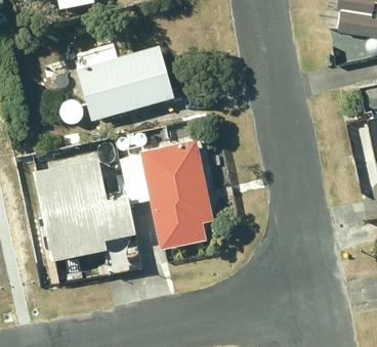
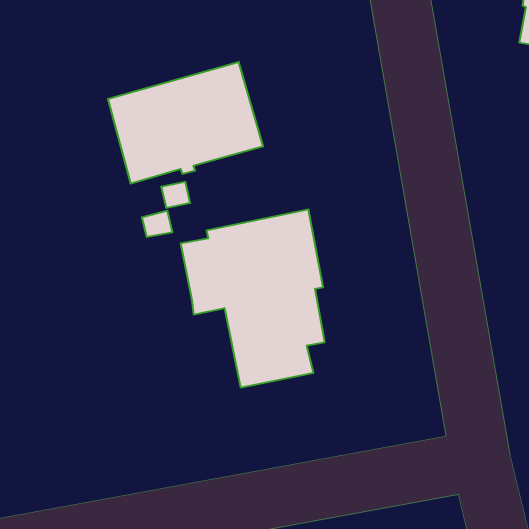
building: [32,157,136,260] -> none

